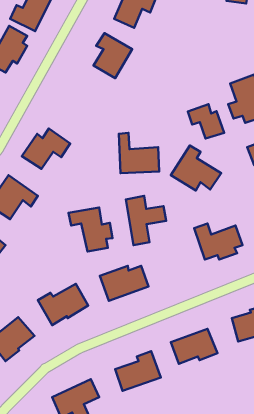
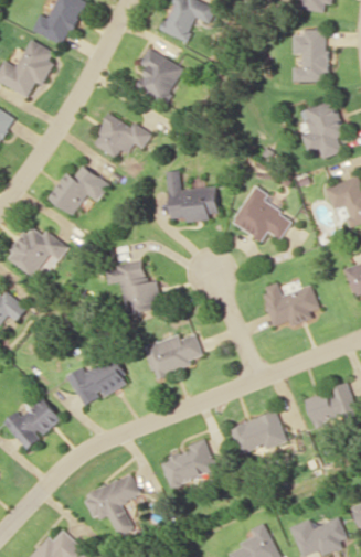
building: none -> [291,29,327,82]
building: none -> [89,114,149,158]
building: [188,104,224,138] -> none
building: [126,196,166,245] -> none

